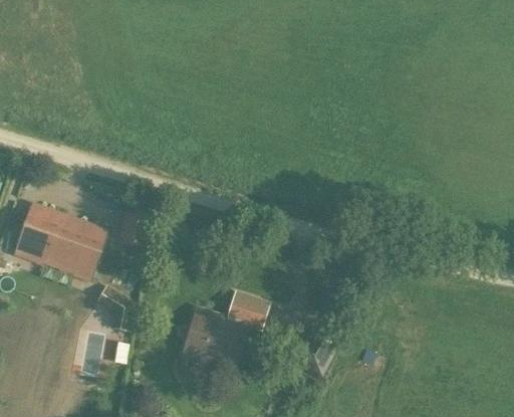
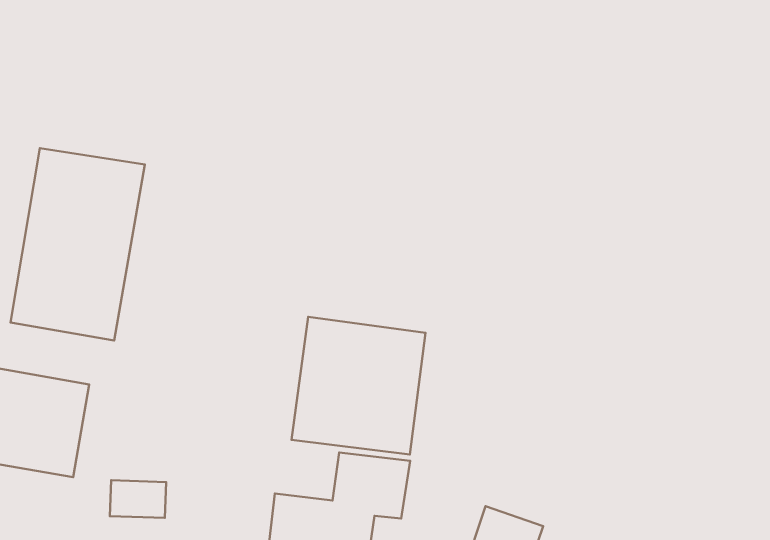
building: none -> [10,148,145,340]
building: none -> [292,317,426,454]

